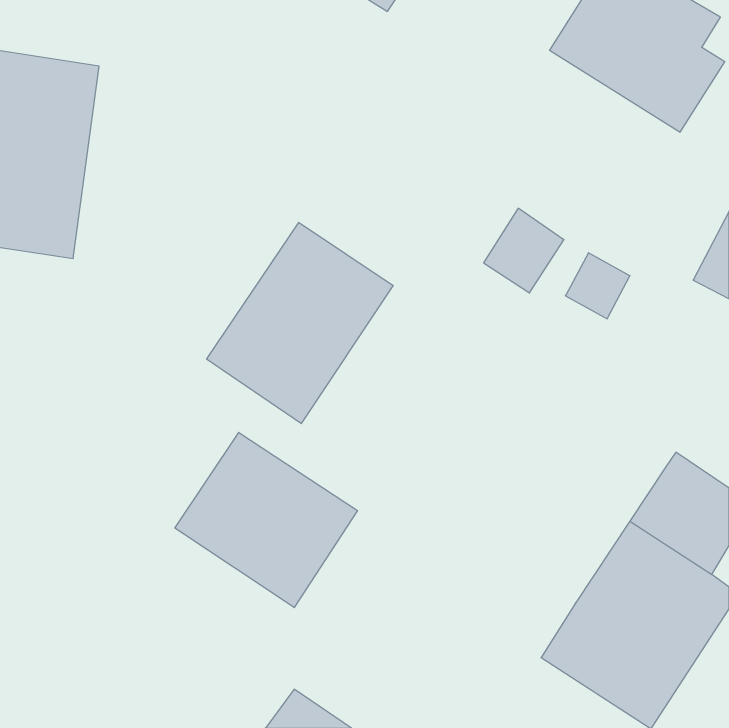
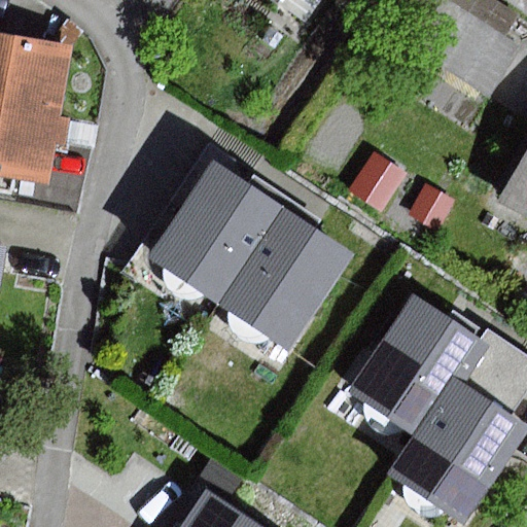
building: none -> [216,205,354,351]
building: none -> [349,293,478,432]
building: [175,432,357,608] -> none

